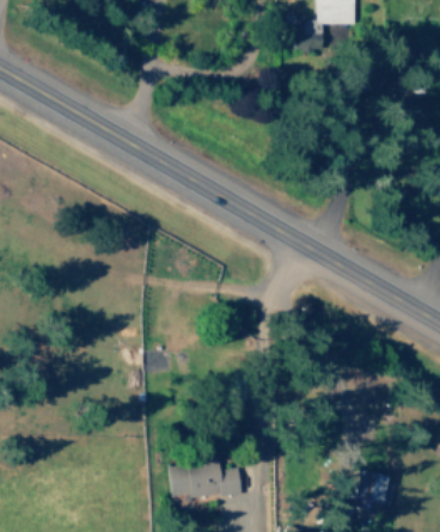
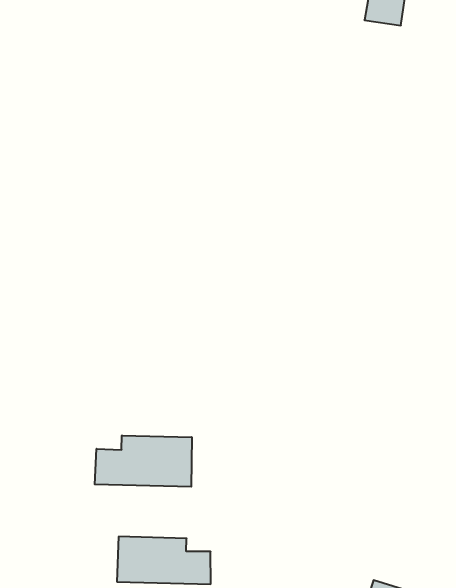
building: none -> [95,435,192,487]

